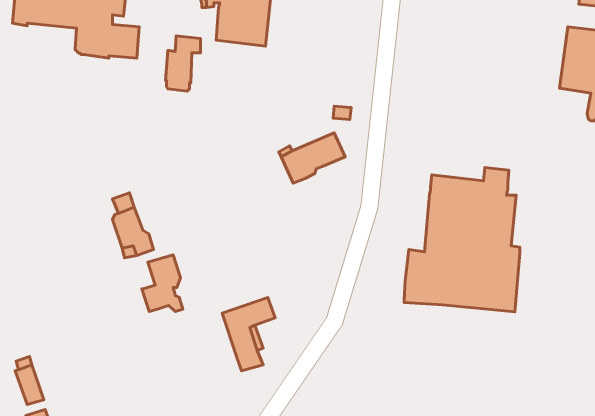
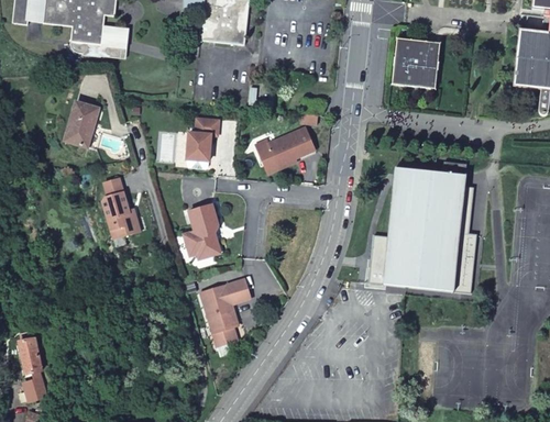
building: [165,36,200,91] -> [188,115,220,166]
building: none -> [392,38,439,88]
building: none -> [65,101,100,147]
building: [142,255,183,312] -> [185,201,222,253]

